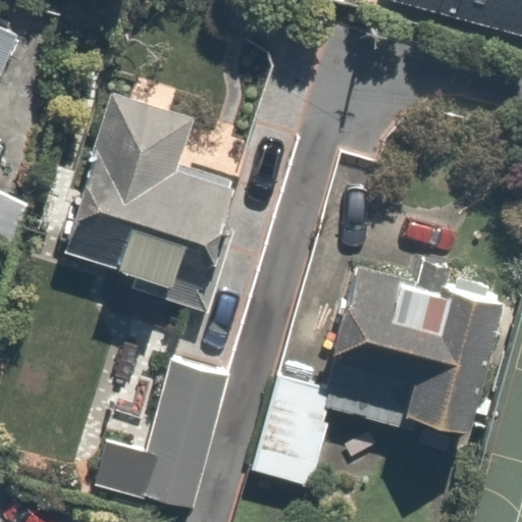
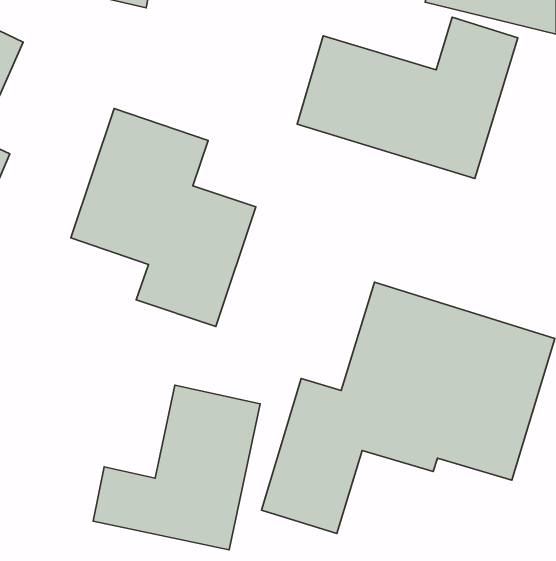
building: none -> [297,17,518,178]

